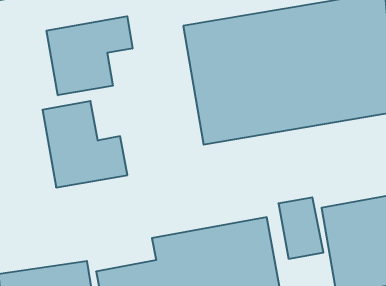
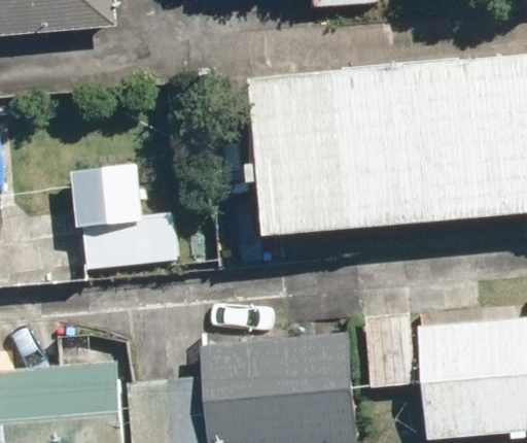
building: [47,16,132,95] -> none

